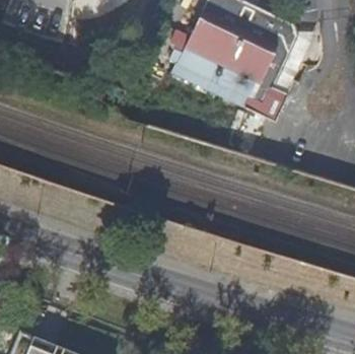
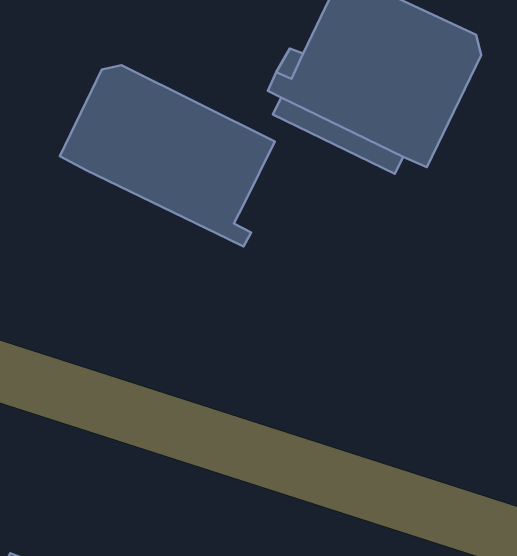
building: none -> [60,65,275,246]

